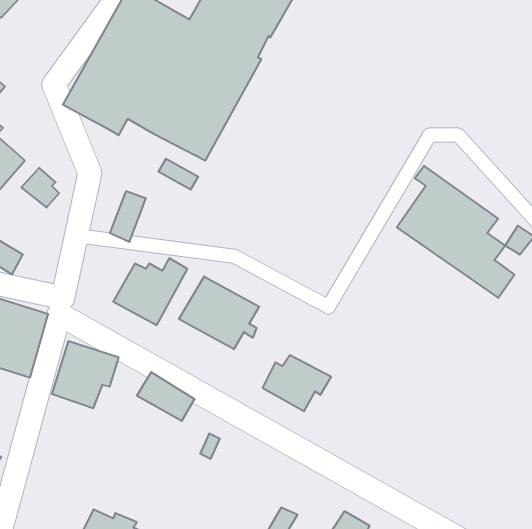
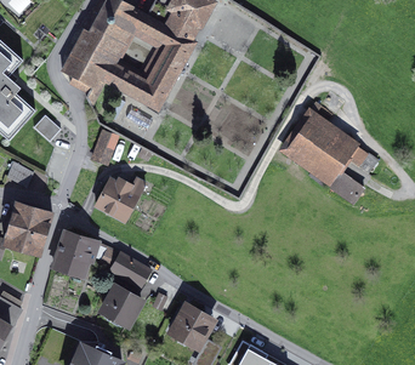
building: [179,276,259,349] -> none
building: [263,355,331,411] -> [169,307,215,344]
building: none -> [102,286,141,324]

